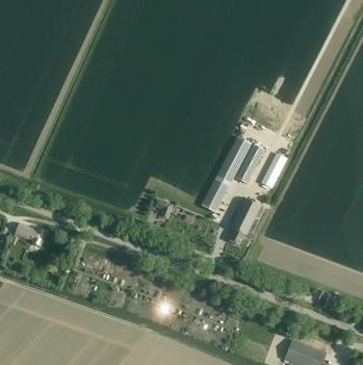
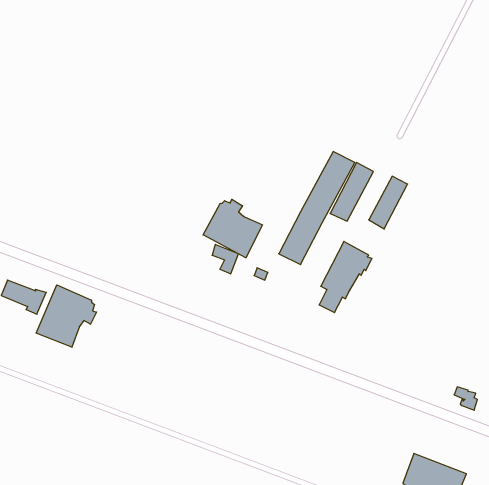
building: none -> [203,199,262,258]
building: none -> [36,285,97,347]

